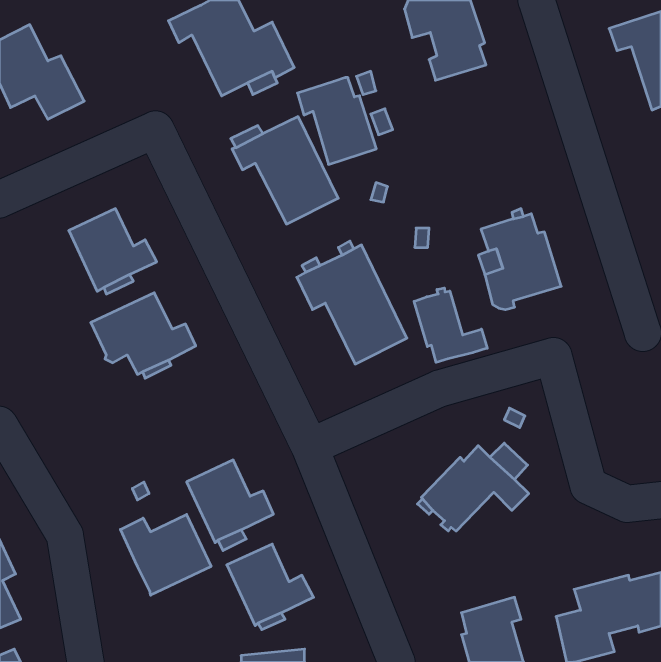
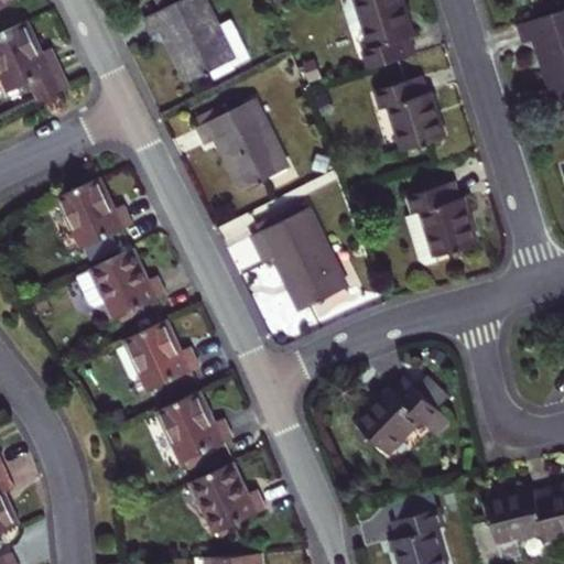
building: [297,78,376,164] -> [377,77,444,151]
building: [414,288,487,362] -> none
building: none -> [124,319,199,390]
building: [120,514,211,595] -> none

